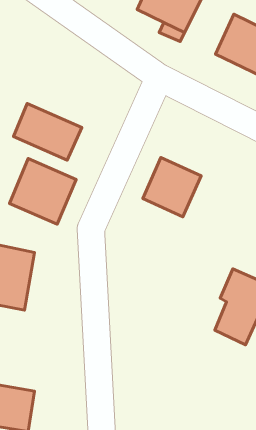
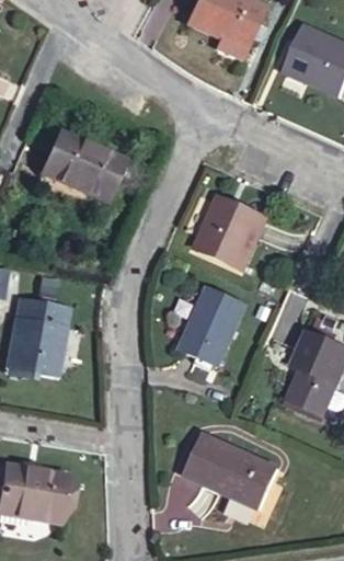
building: [9,159,76,224] -> none
building: none -> [180,286,245,365]
building: none -> [186,437,280,512]

